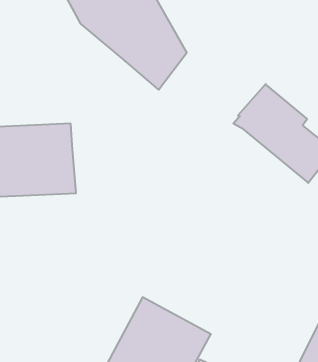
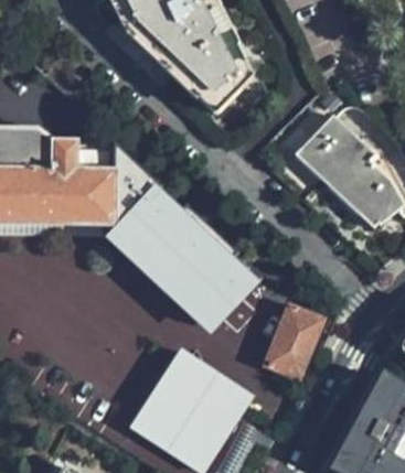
building: none -> [111,154,259,322]
building: none -> [264,305,323,379]

